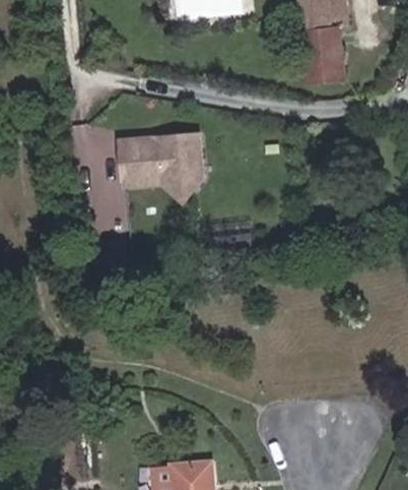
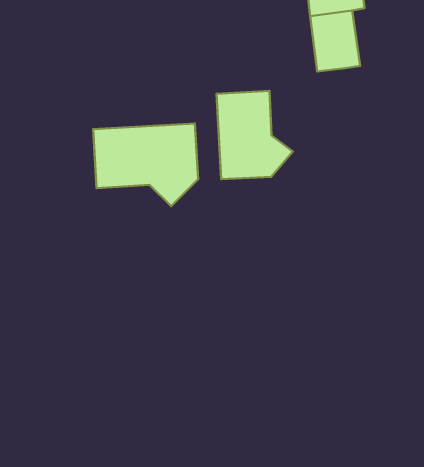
building: none -> [216,91,293,179]

